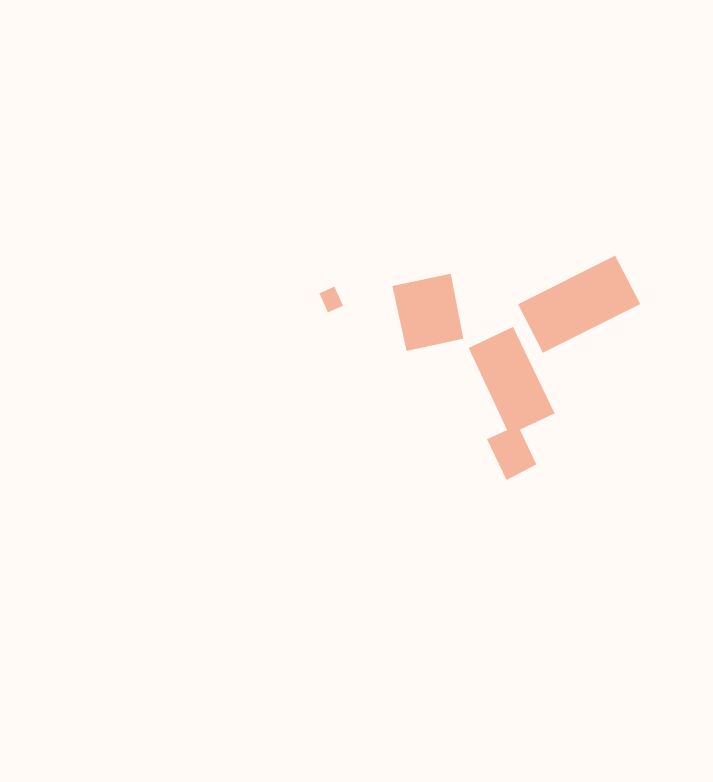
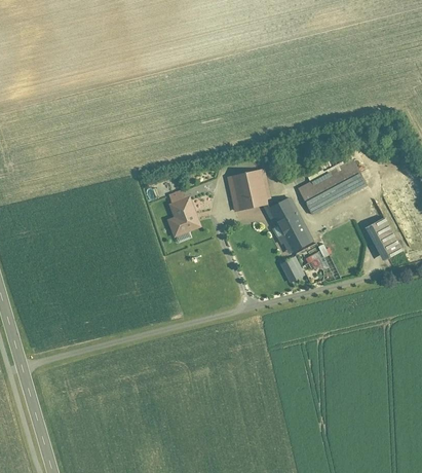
building: none -> [167,197,201,236]
building: none -> [362,216,401,259]

